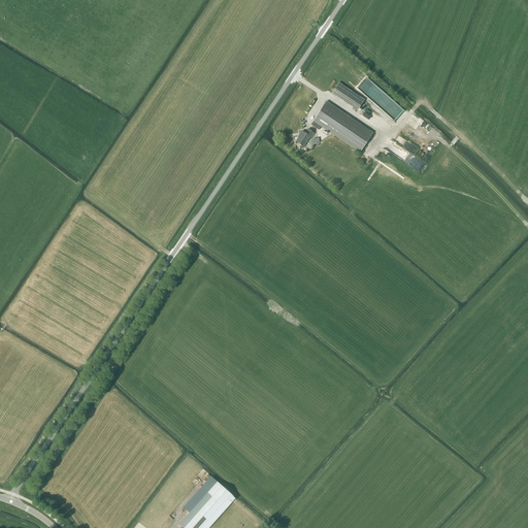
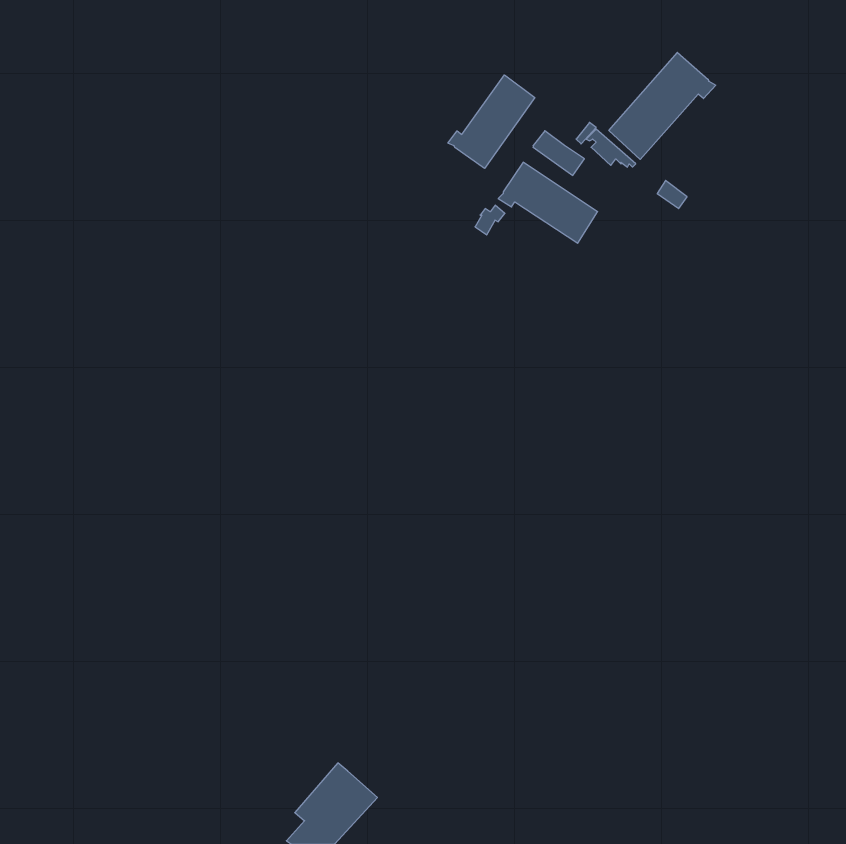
building: none -> [609,52,716,159]
building: none -> [448,75,535,168]

